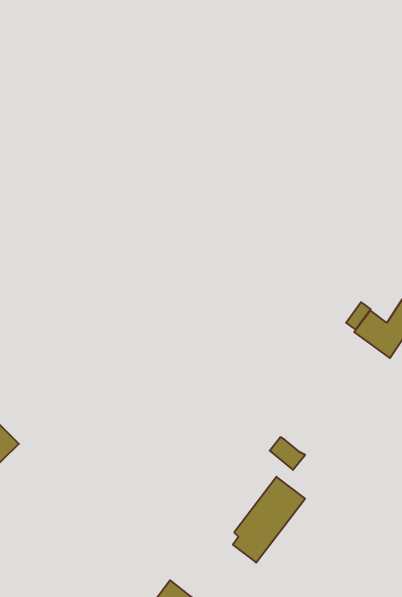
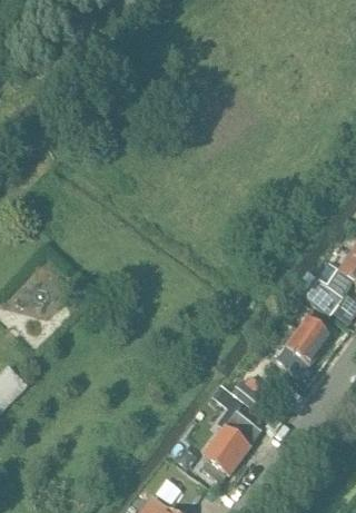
building: none -> [275,316,330,377]

